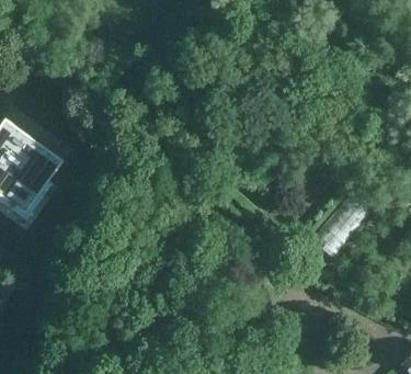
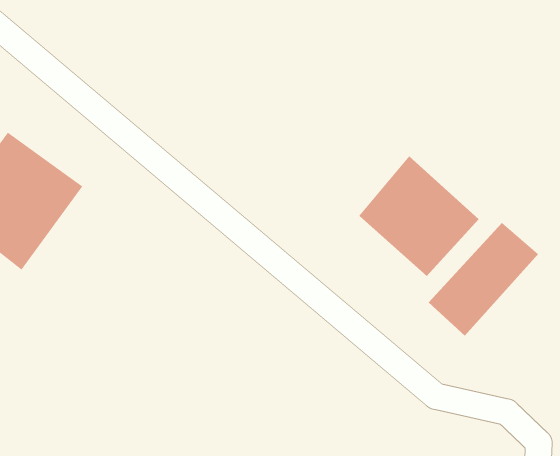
building: none -> [359,156,479,277]

